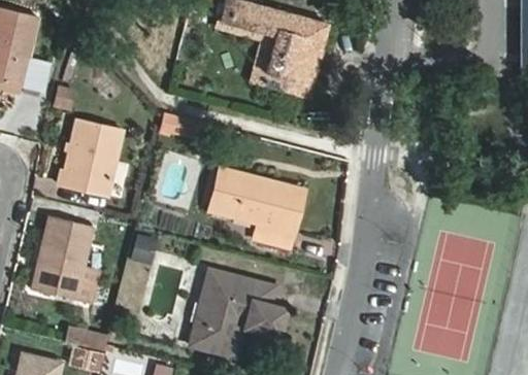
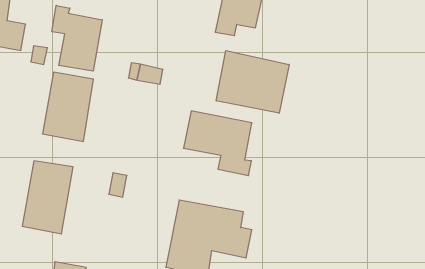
building: none -> [52,5,102,71]
building: none -> [216,51,289,113]

